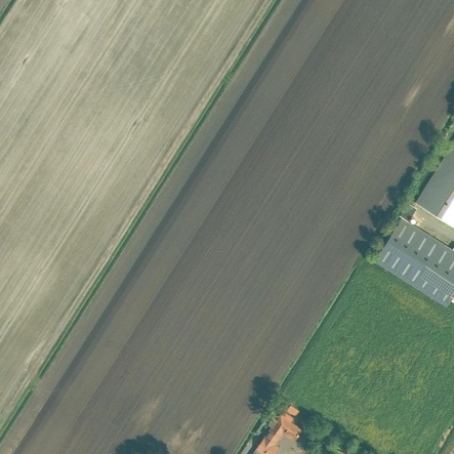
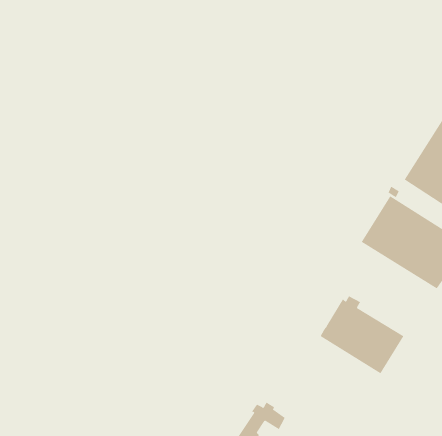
building: none -> [320,295,404,374]

